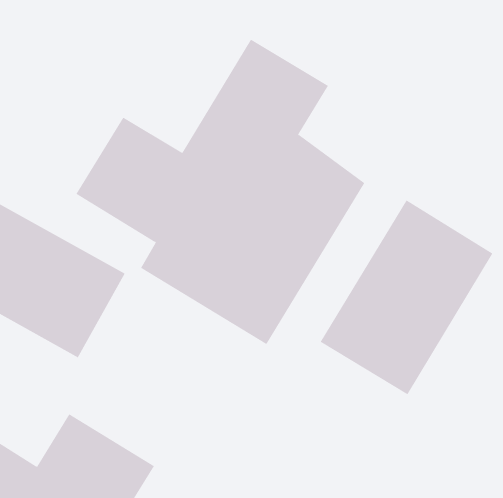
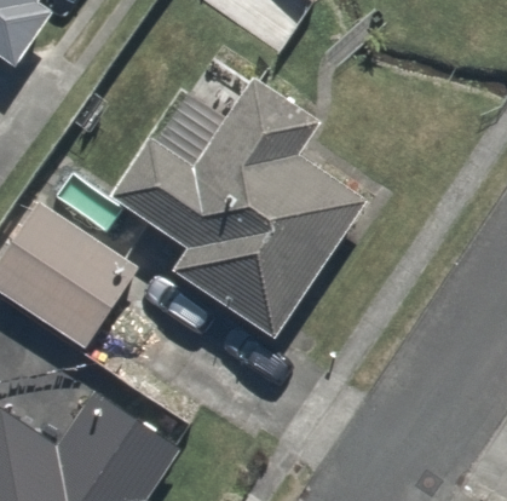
building: [320,199,493,395] -> none

